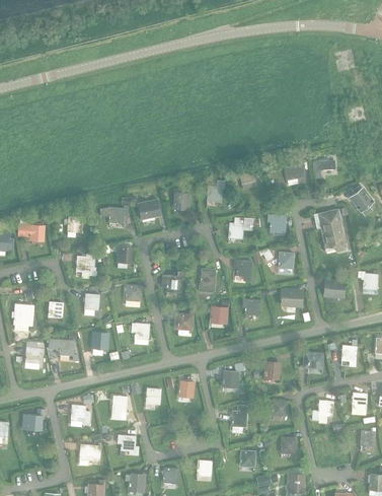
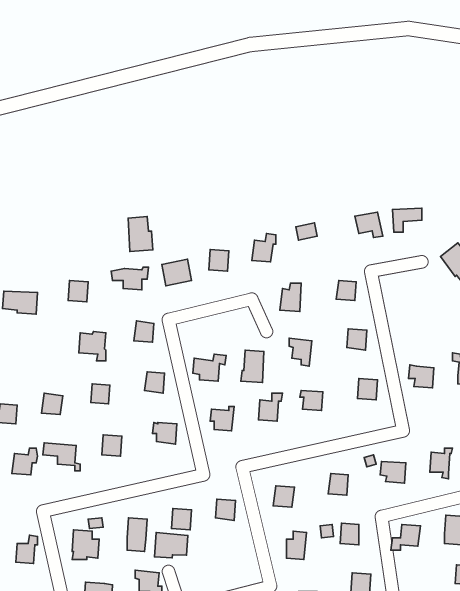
building: none -> [128,216,153,251]
building: [313,208,347,252] -> none
building: none -> [154,533,188,558]

